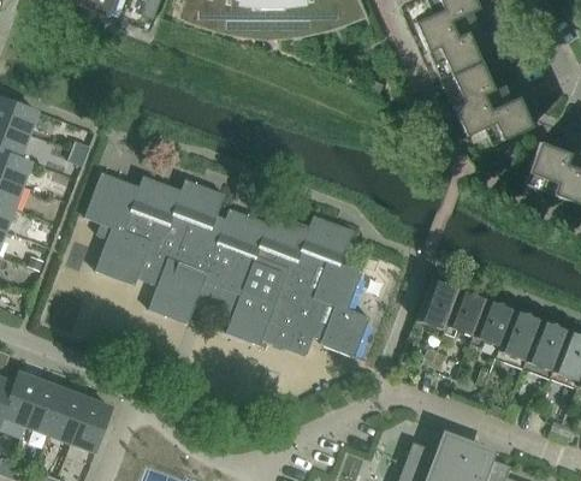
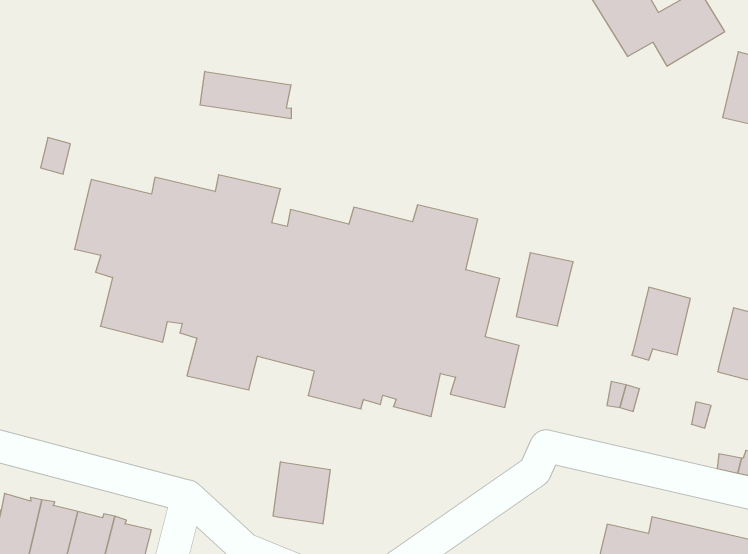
building: none -> [200,71,291,119]
building: [417,280,460,331] -> [516,253,573,326]
building: [470,301,514,348] -> none
building: none -> [273,462,330,524]

